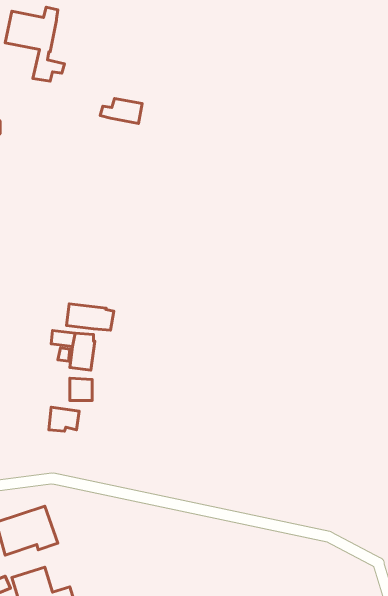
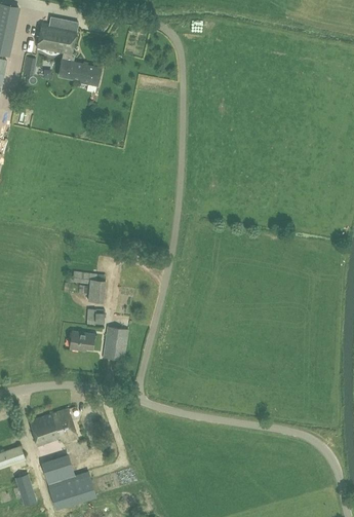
building: [100,98,142,123] -> [72,64,105,83]
building: [67,304,114,330] -> none
building: none -> [103,326,128,360]

